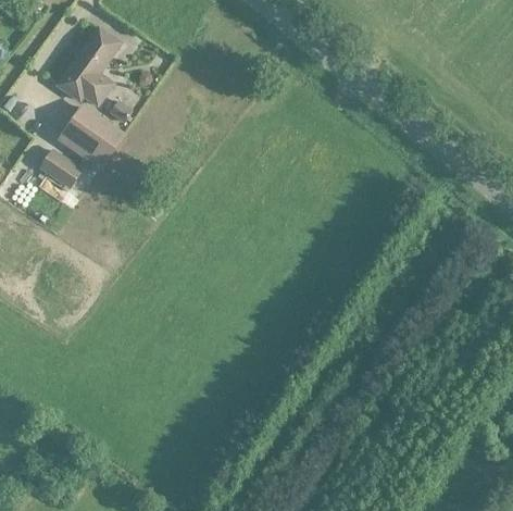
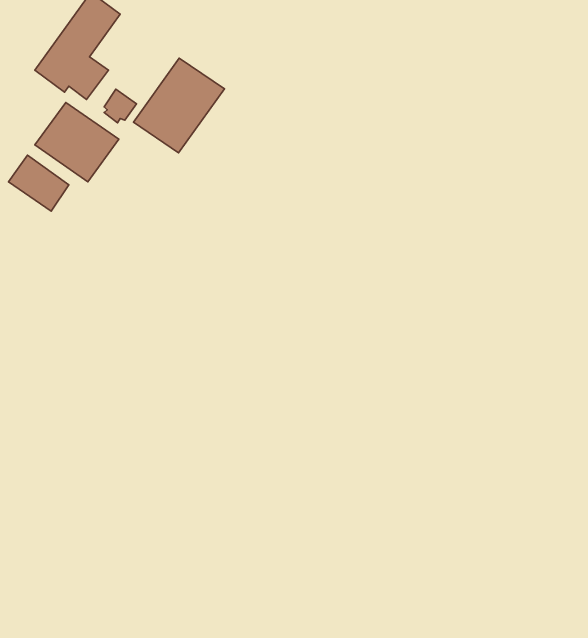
building: none -> [133,58,224,153]

